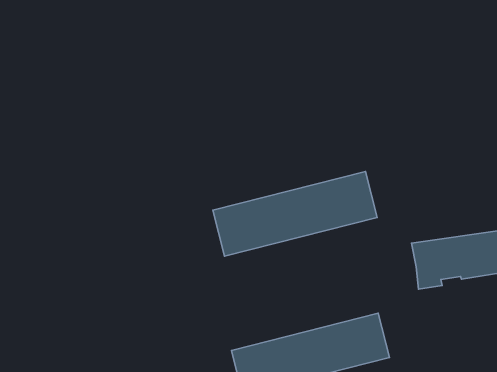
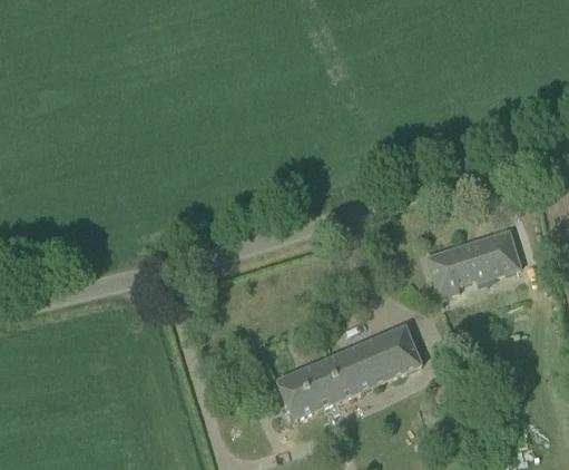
building: [213,171,377,256] -> none

